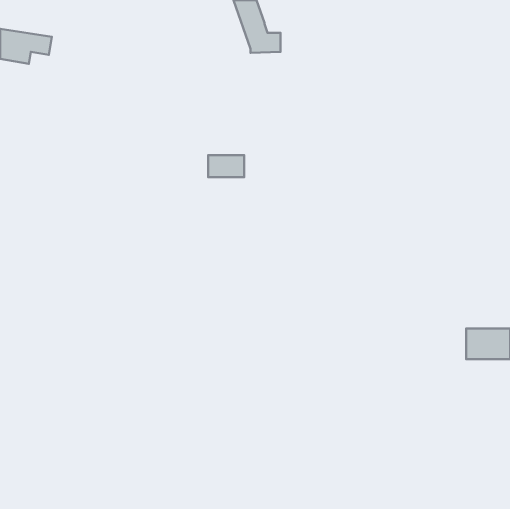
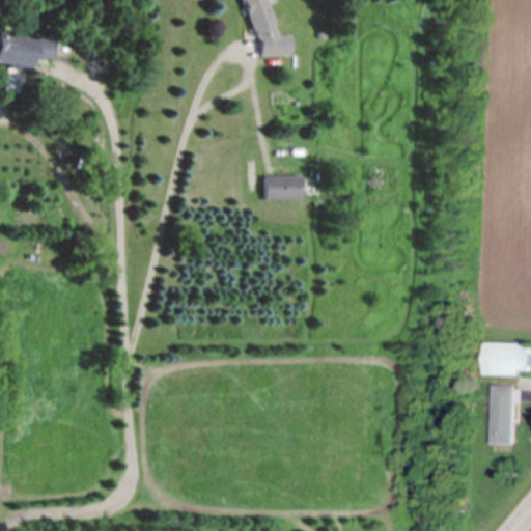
building: [208,155,244,177] -> [264,176,302,199]
building: none -> [492,385,514,444]

